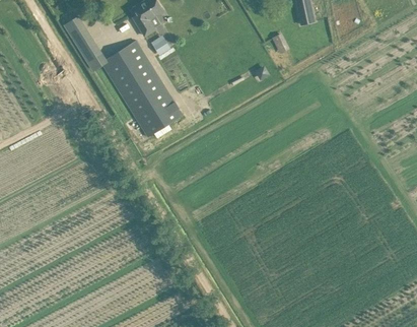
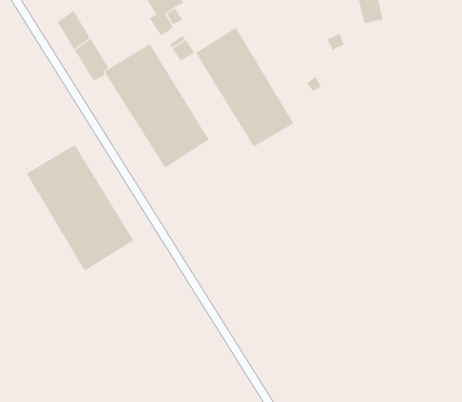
building: none -> [195,27,294,147]
building: none -> [26,144,134,271]

